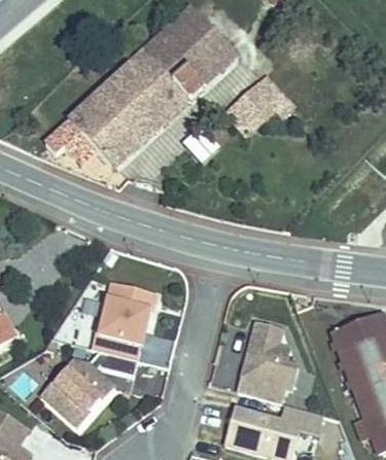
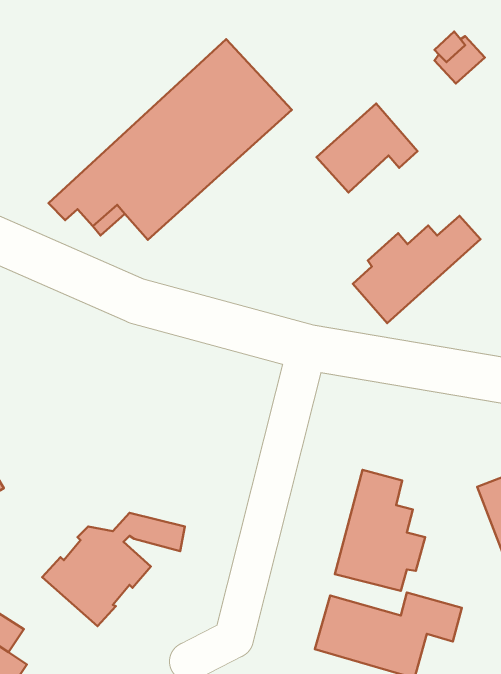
building: [164,10,232,79] -> none
building: none -> [353,216,481,323]
building: [90,282,155,359] -> none

